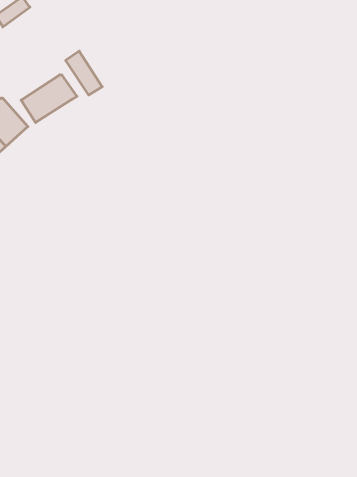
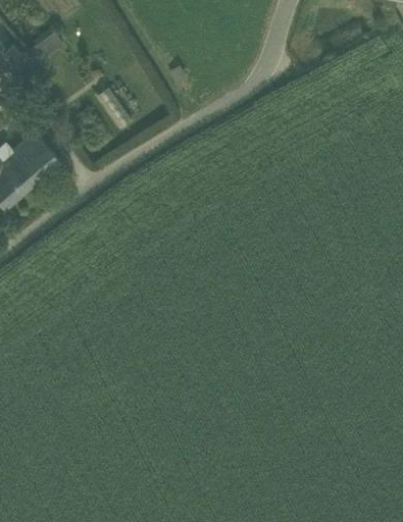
building: [21,75,77,123] -> none

